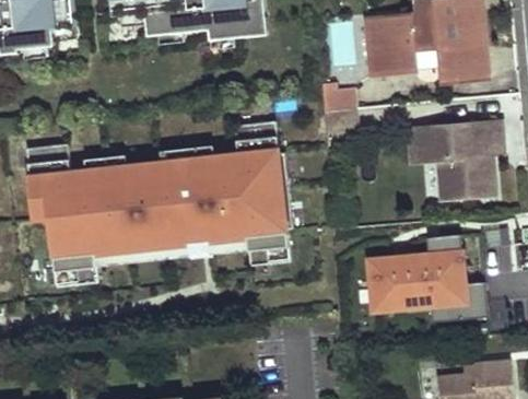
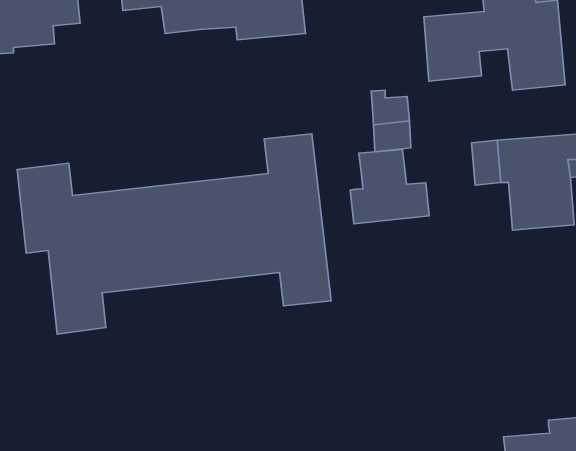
building: none -> [350,149,429,224]
building: [368,235,486,320] -> none

